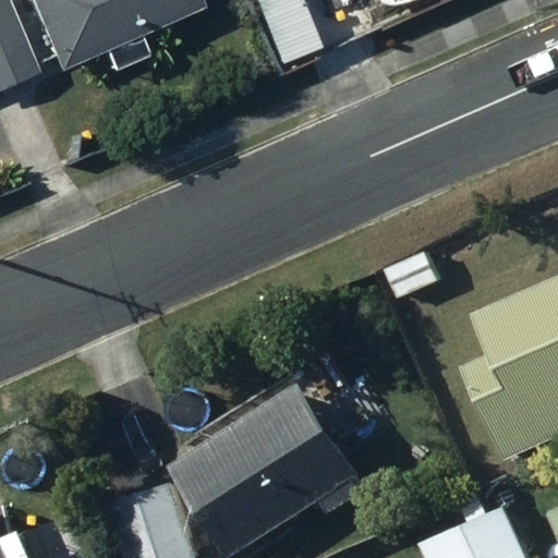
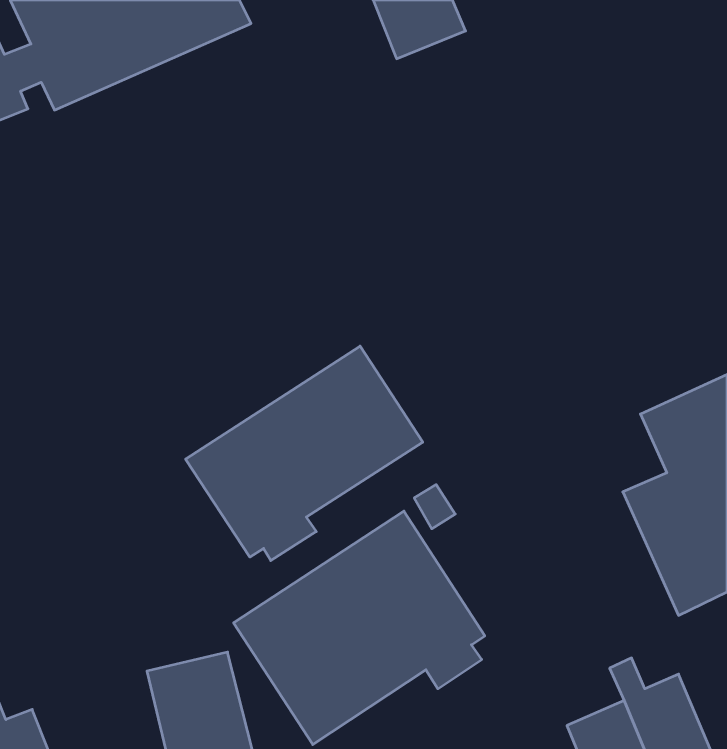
building: none -> [186,346,423,561]

